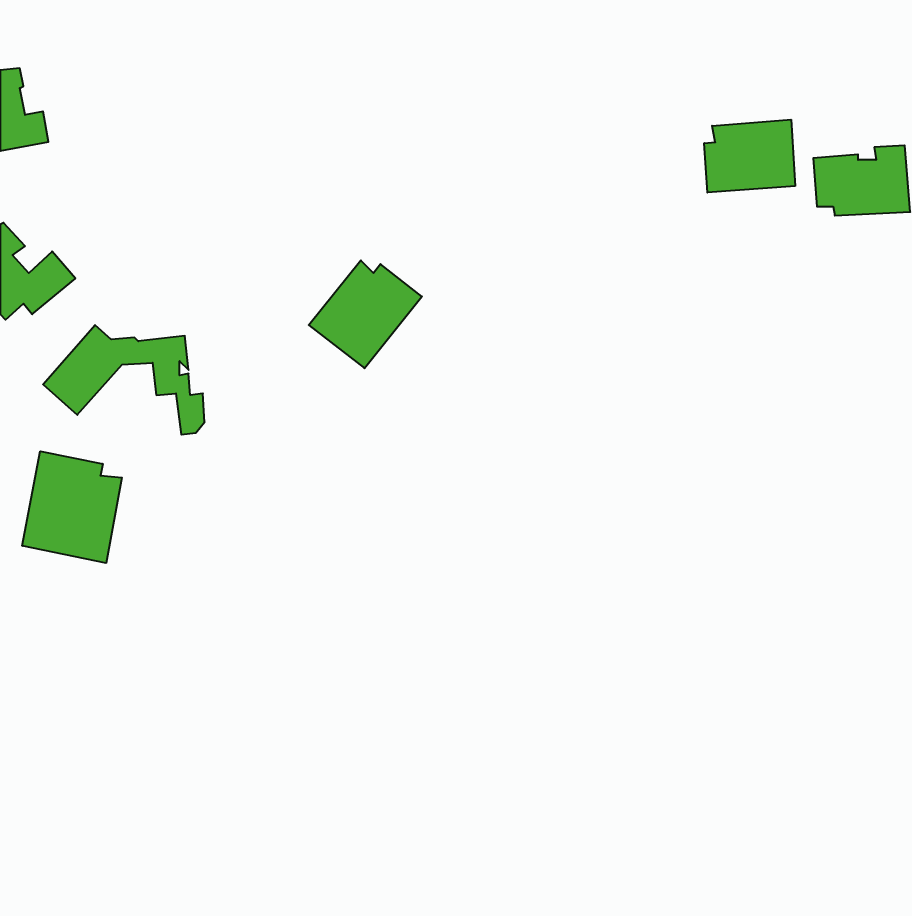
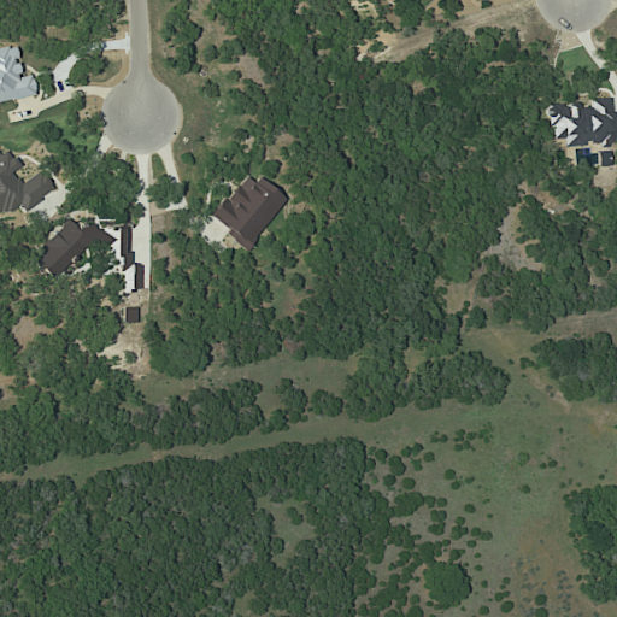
building: [704,120,795,193] -> none
building: [22,451,122,563] -> none

